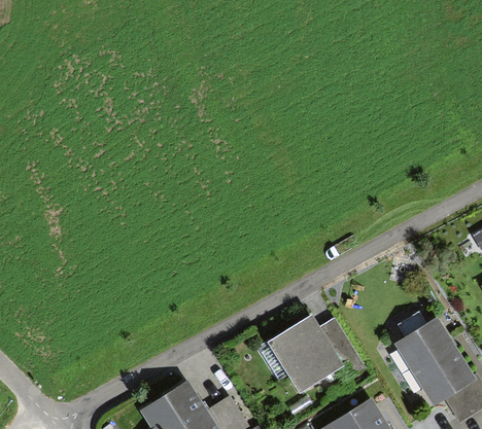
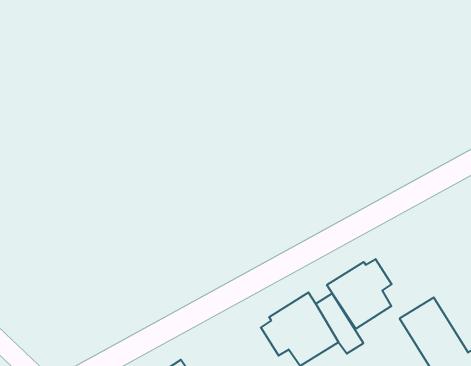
building: none -> [327,259,392,329]

